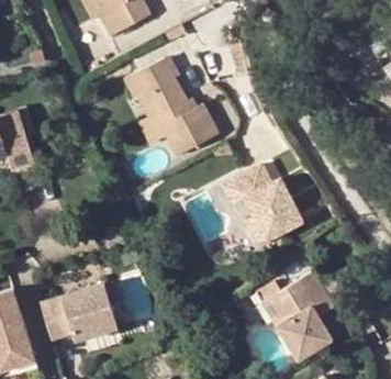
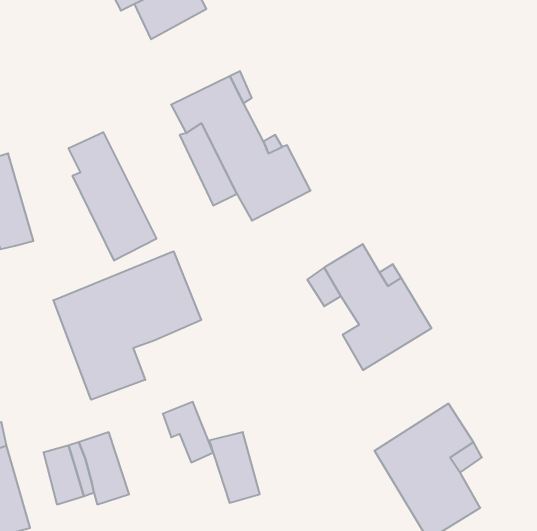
building: none -> [69,132,156,261]
building: none -> [53,251,201,400]
building: [85,287,118,333] -> [209,432,260,503]

